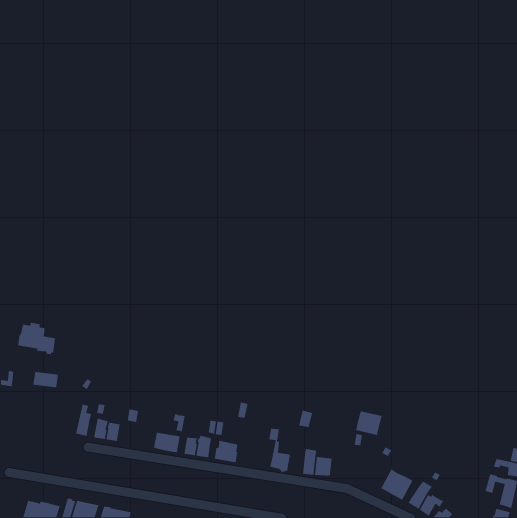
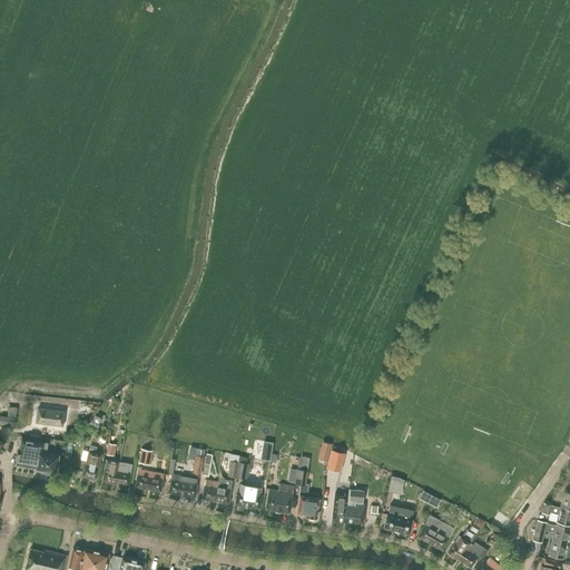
building: [17,322,56,355] -> [17,438,59,474]
building: [355,410,383,436] -> [385,505,415,533]
building: none -> [136,466,165,491]
building: none -> [267,483,295,512]

